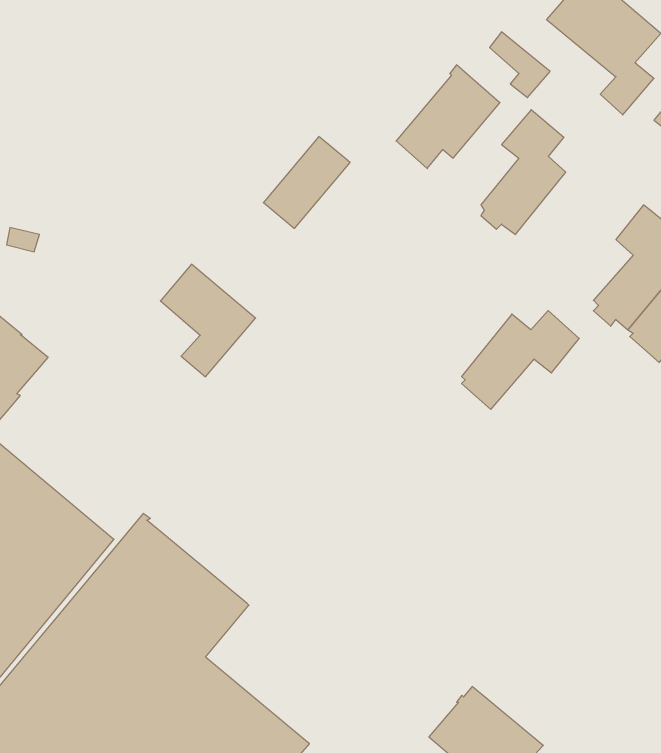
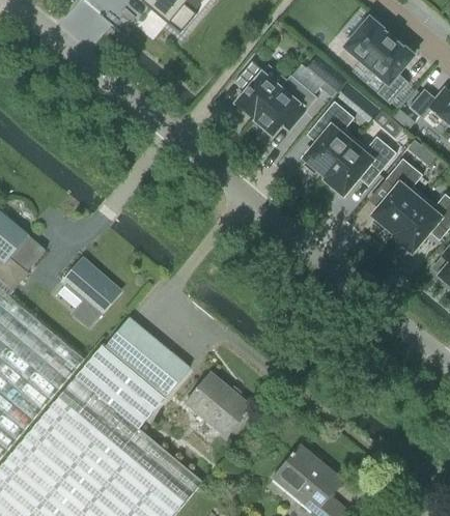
building: [263,137,350,228] -> [234,65,286,120]
building: [160,264,256,377] -> [62,259,119,326]
building: [462,311,579,409] -> [325,137,395,196]
building: none -> [104,318,189,397]
building: none -> [184,372,251,437]

